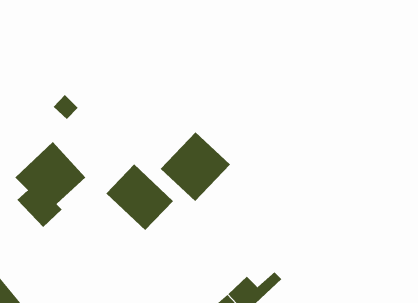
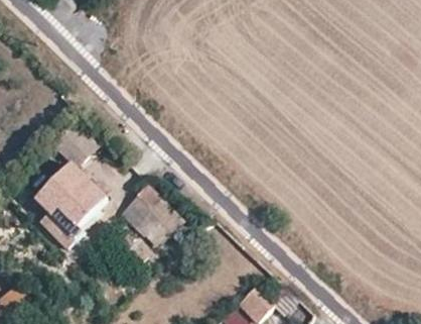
building: [160,131,231,202] -> none

